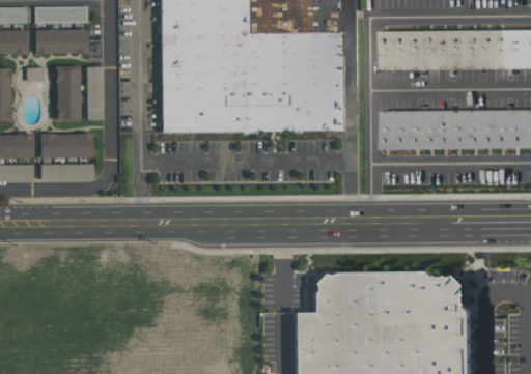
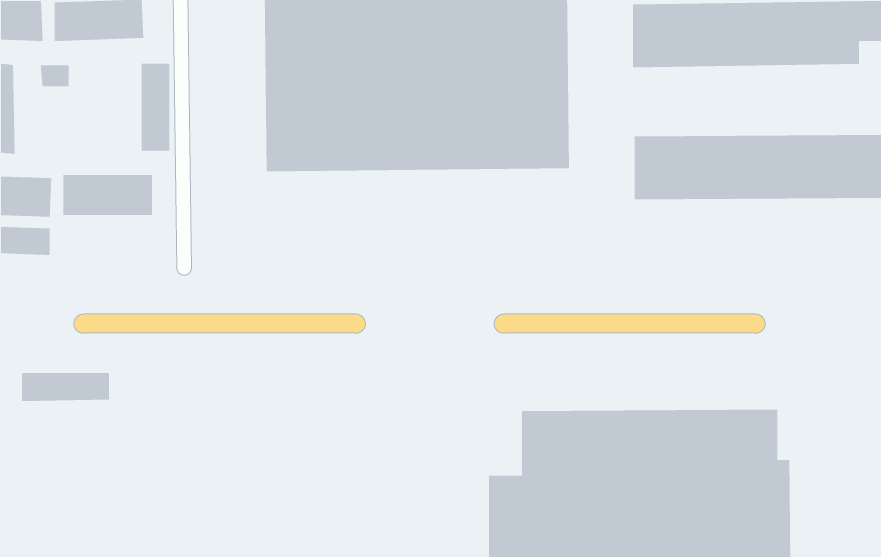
building: [55,68,80,121] -> none
building: [40,165,93,182] -> [21,372,110,402]

